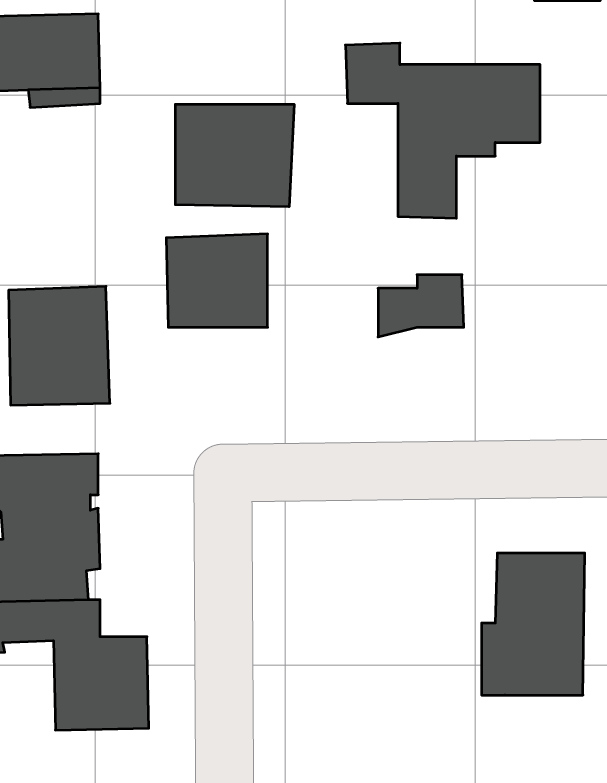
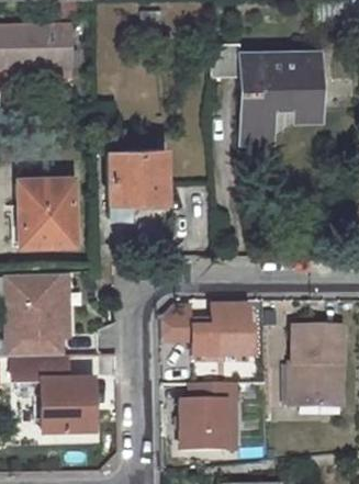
building: [175,104,294,207] -> none
building: [378,275,464,337] -> [271,97,319,132]
building: none -> [159,309,251,360]
building: none -> [180,385,236,453]

